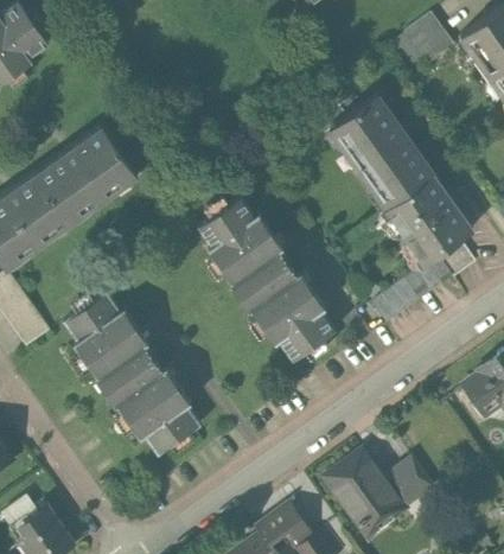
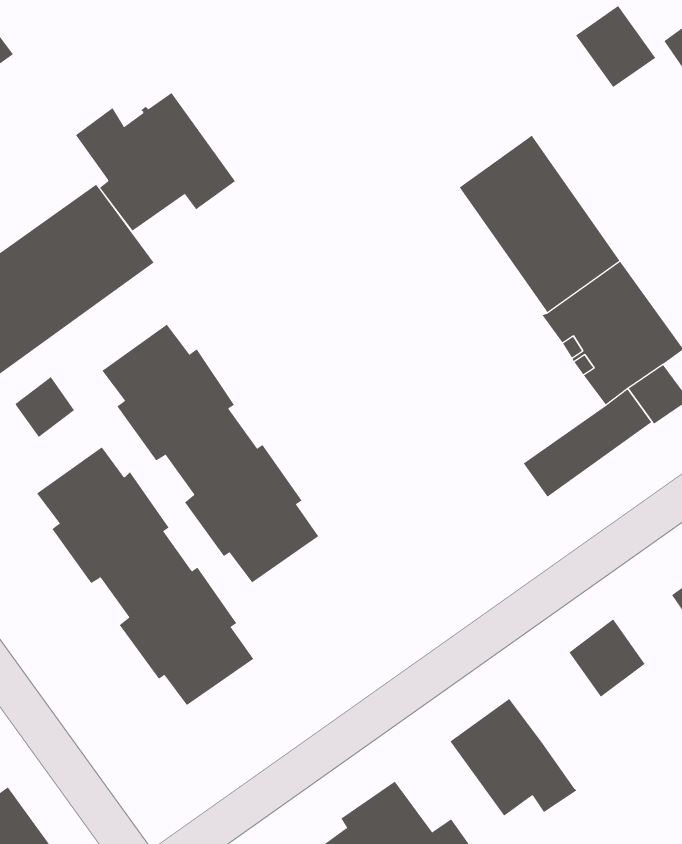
building: none -> [75,92,236,232]
building: [197,197,334,361] -> [101,324,319,583]
building: none -> [15,376,75,438]
building: [383,458,432,508] -> [569,619,646,698]

